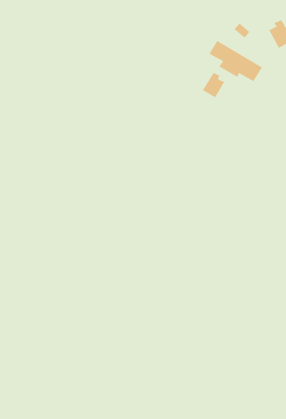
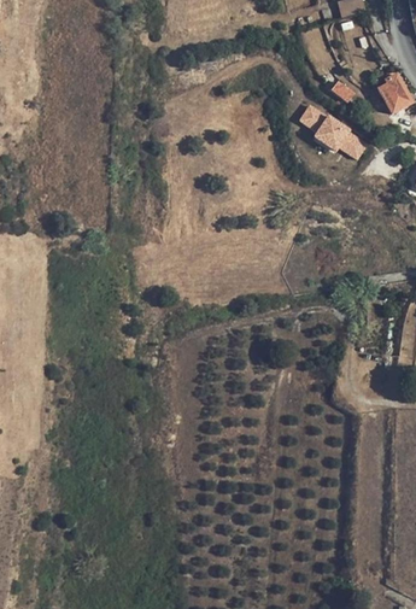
building: [202,72,225,98] -> none

